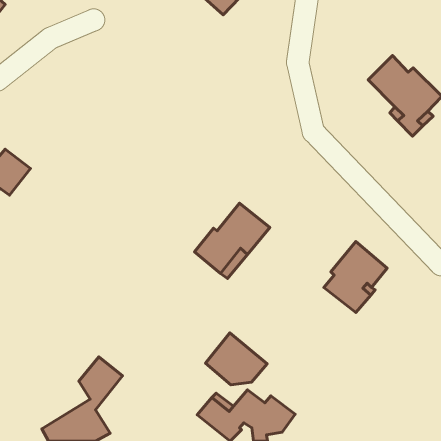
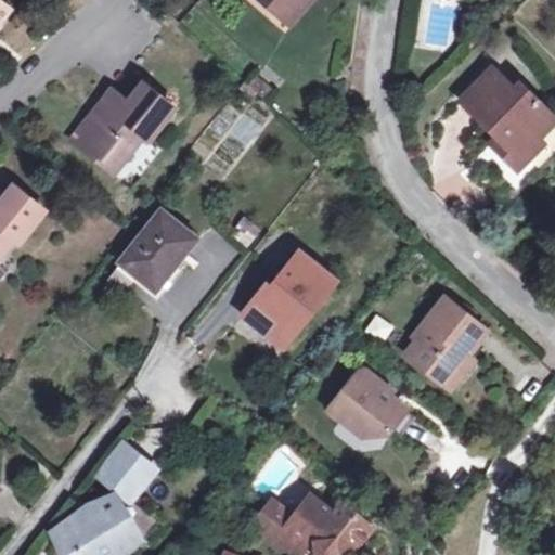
building: none -> [70,85,172,167]
building: none -> [119,211,193,289]
building: [206,333,267,385] -> [330,374,406,439]

